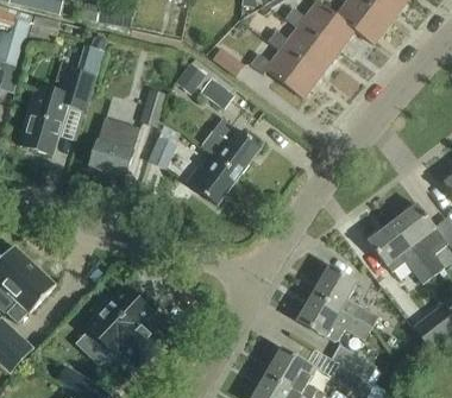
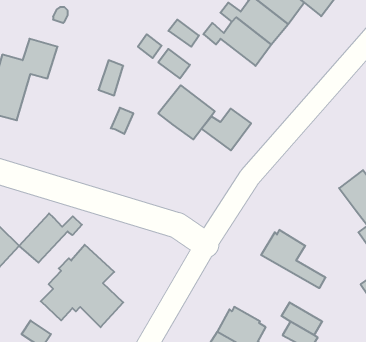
building: [89,116,139,176] -> none
building: [186,158,238,202] -> [201,109,251,150]
building: [368,225,409,273] -> none
building: none -> [19,213,82,263]
building: [296,295,371,343] -> none

